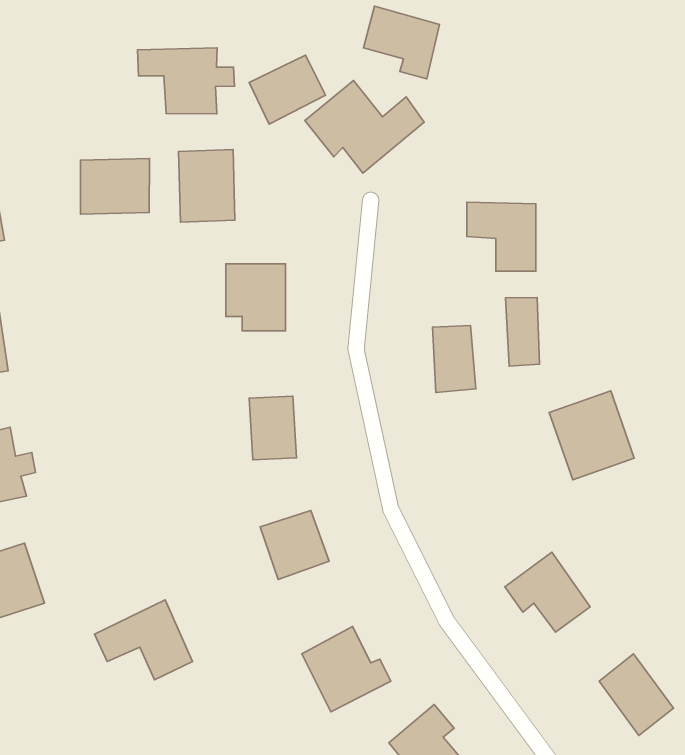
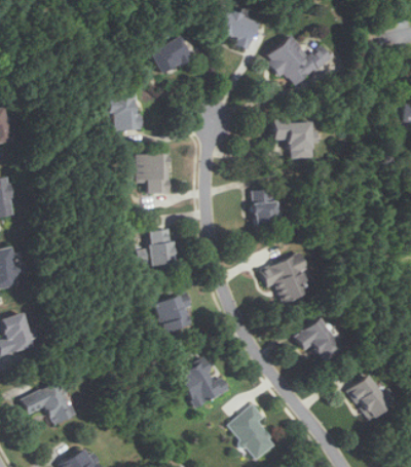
building: [138,48,234,114] -> none
building: [305,81,424,173] -> [264,35,332,87]
building: [80,158,149,214] -> none
building: [506,298,539,366] -> none
building: [549,391,634,480] -> [266,256,314,306]
building: [95,600,192,680] -> [21,380,76,425]

